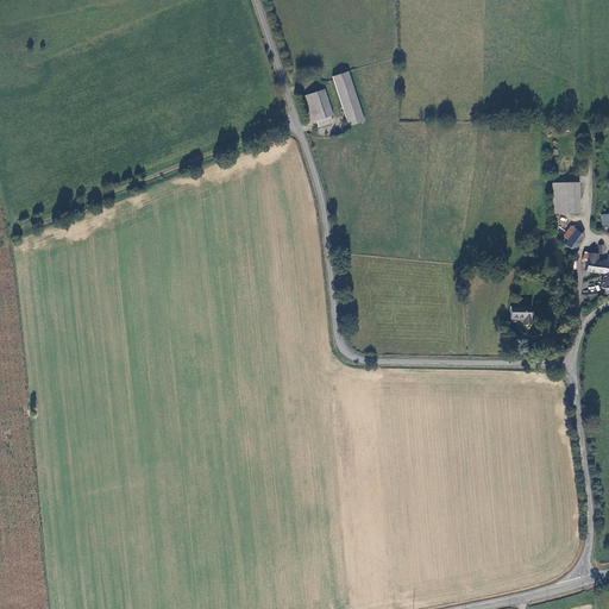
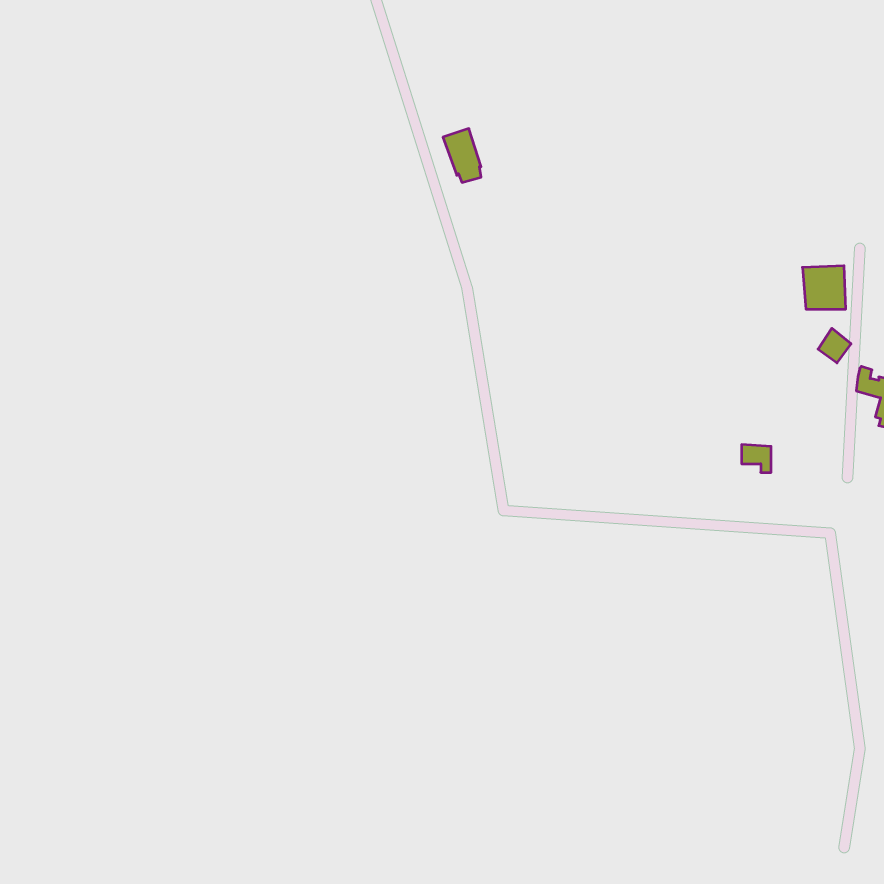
building: [333,71,365,125] -> none

